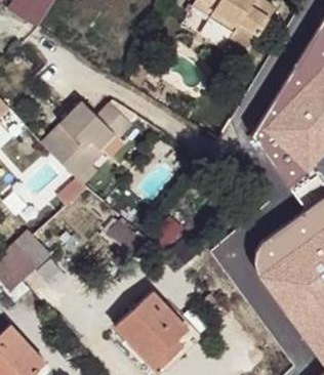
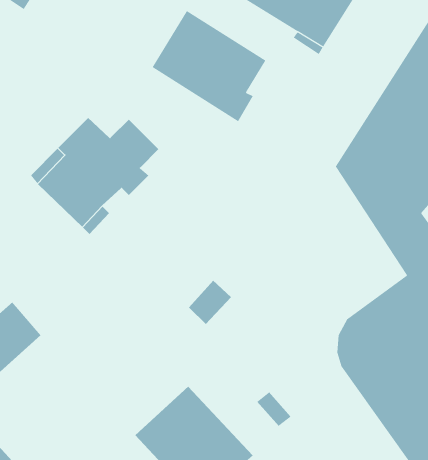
building: none -> [152,10,266,122]

